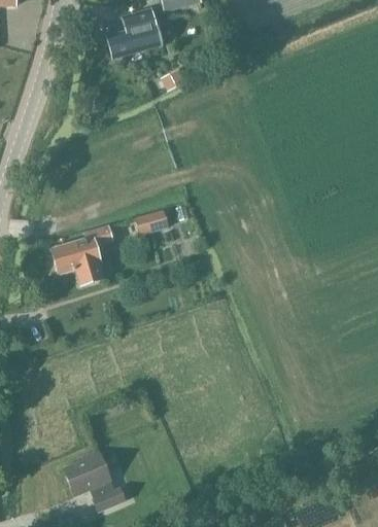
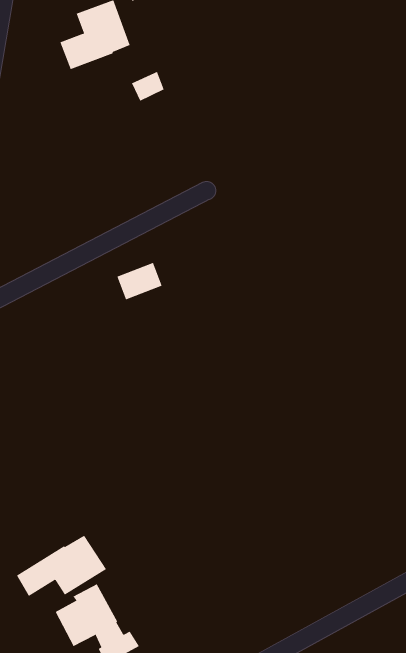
building: [50,224,111,283] -> none
building: none -> [16,535,107,597]

